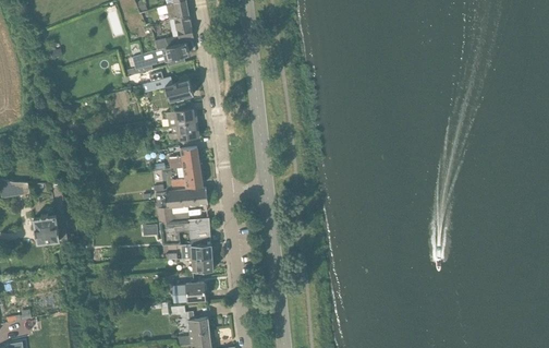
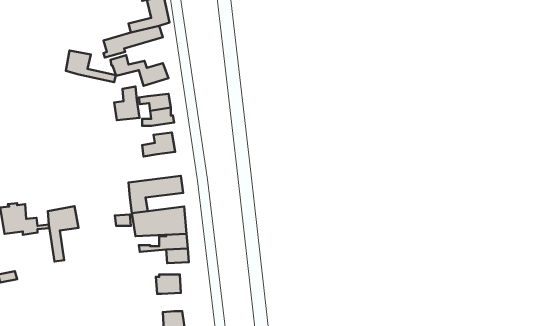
building: none -> [66,51,116,82]
building: none -> [114,87,140,120]
building: [171,165,204,189] -> none
building: none -> [48,206,79,261]

